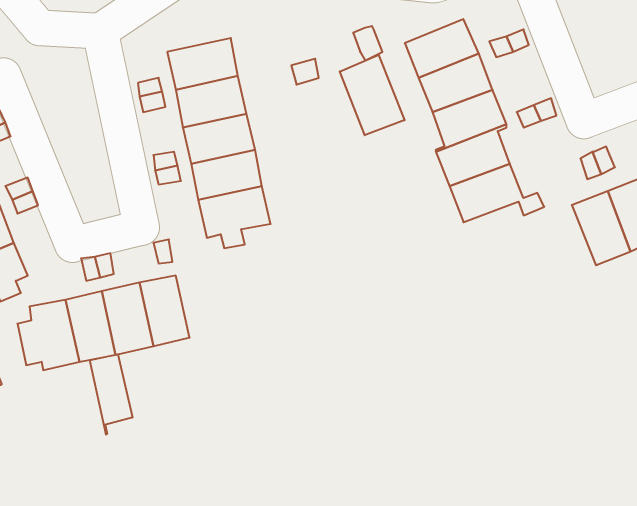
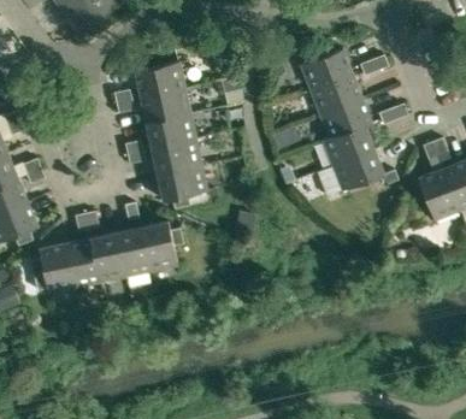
building: [340,55,405,135] -> none
building: none -> [140,220,182,270]
building: [90,354,132,435] -> none

